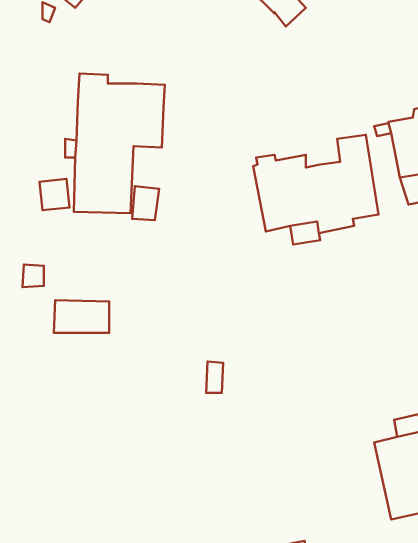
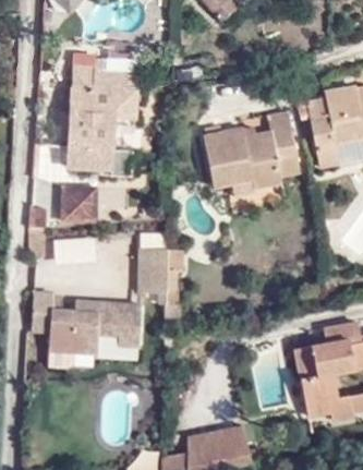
building: none -> [61,192,94,227]
building: none -> [138,244,162,296]
building: none -> [28,292,140,367]

